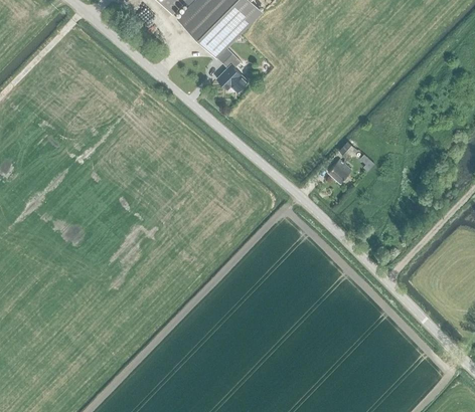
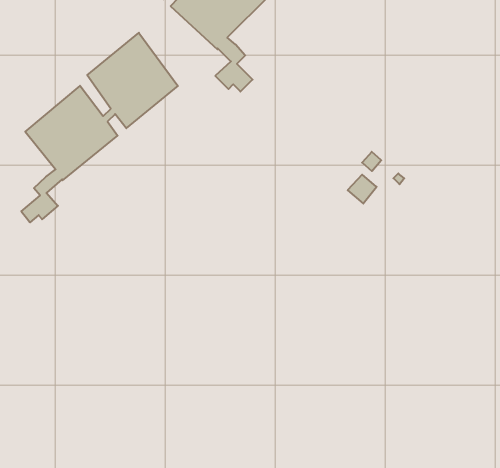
building: none -> [21,33,178,222]

